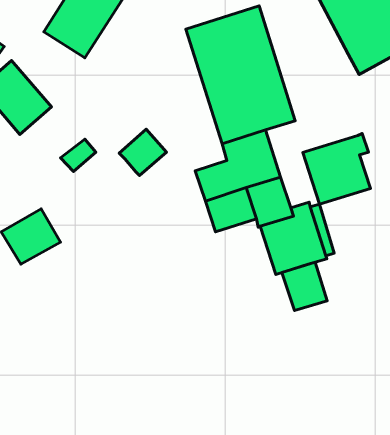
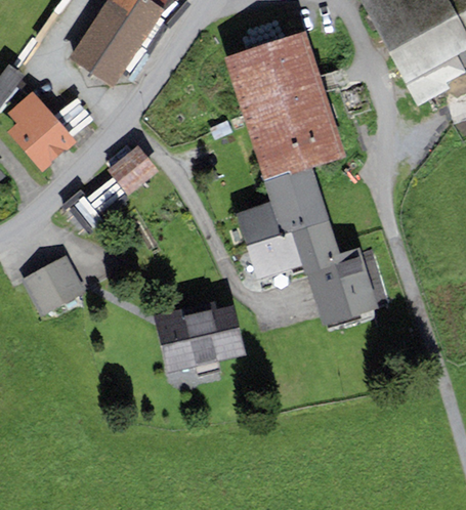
building: [119,129,166,175] -> [107,144,159,196]
building: [303,133,371,204] -> none
building: none -> [62,189,104,233]
building: none -> [154,297,247,374]
building: [282,262,327,310] -> none

